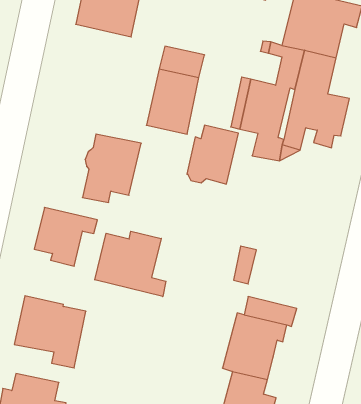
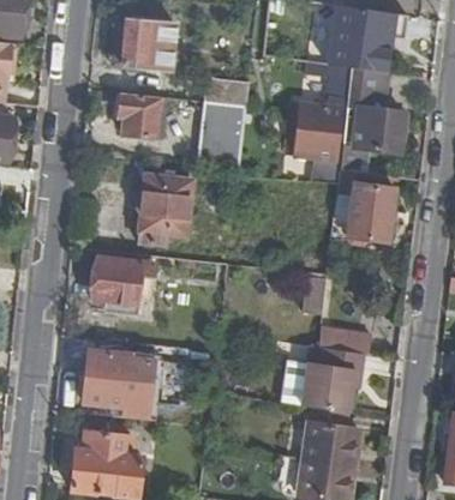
building: none -> [119,92,164,138]
building: [187,125,238,184] -> [347,182,396,242]
building: [95,231,166,297] -> none

